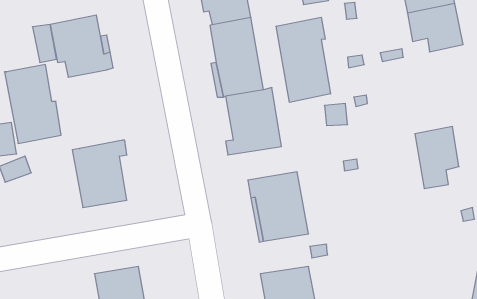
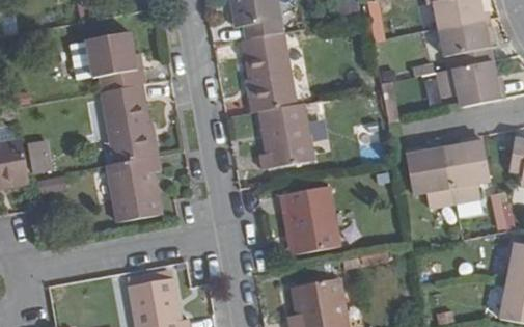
building: [276,17,331,102] -> none
building: none -> [437,60,500,107]
building: [4,65,61,143] -> [101,85,157,163]
building: none -> [406,148,454,208]

